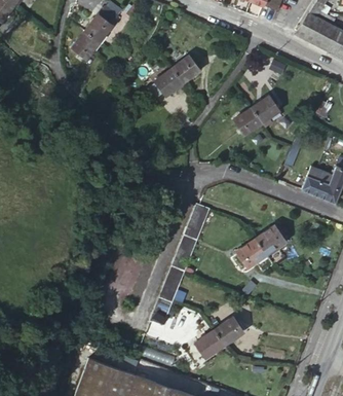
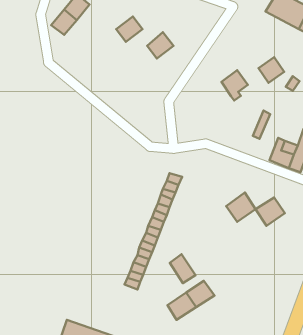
building: [155,70,183,97] -> [116,16,142,42]
building: [234,108,261,135] -> [259,57,284,83]
building: [236,239,267,268] -> [256,197,285,226]
building: none -> [170,254,196,283]

